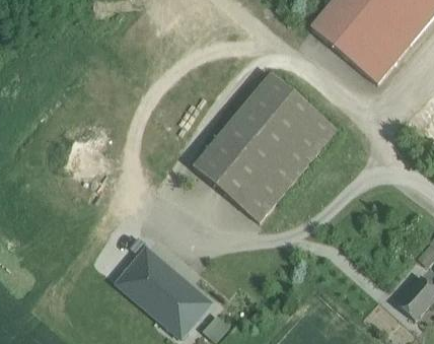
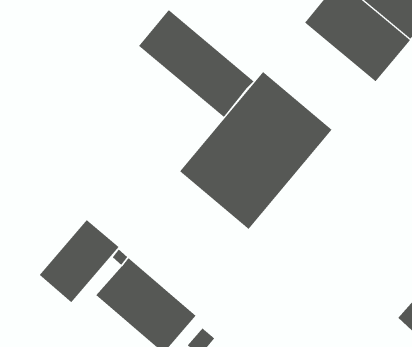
building: none -> [138,9,255,118]
building: none -> [39,219,119,303]

